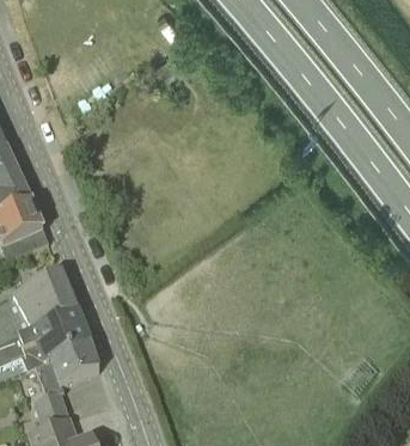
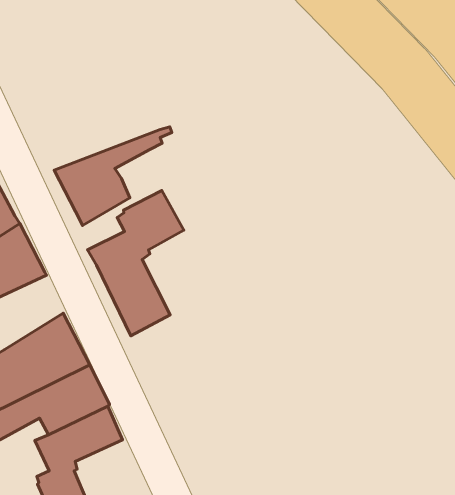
building: none -> [54,127,172,225]
building: none -> [88,191,184,336]

